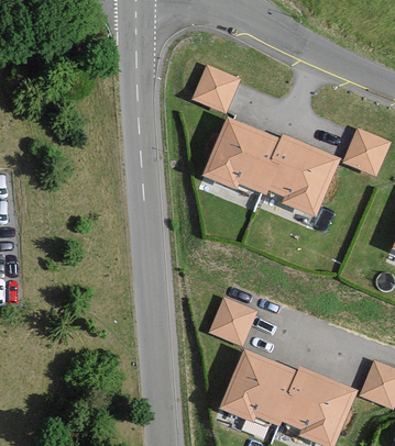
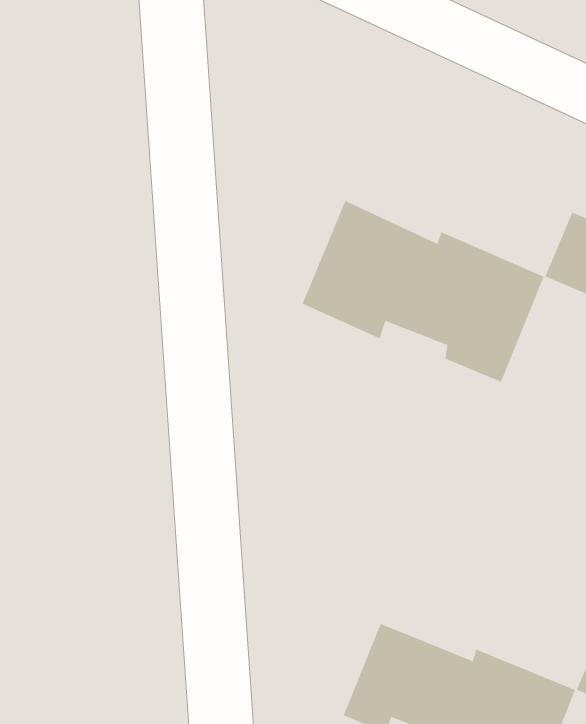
building: [189,64,239,111] -> none
building: [208,297,255,344] -> none

